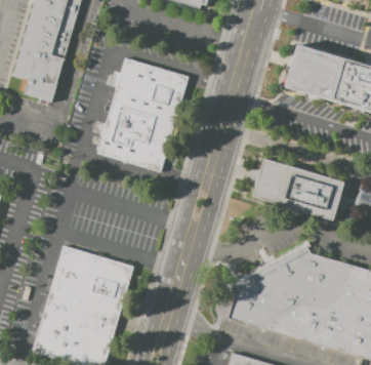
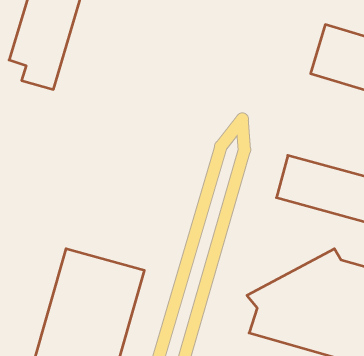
building: [96,56,189,171] -> none

